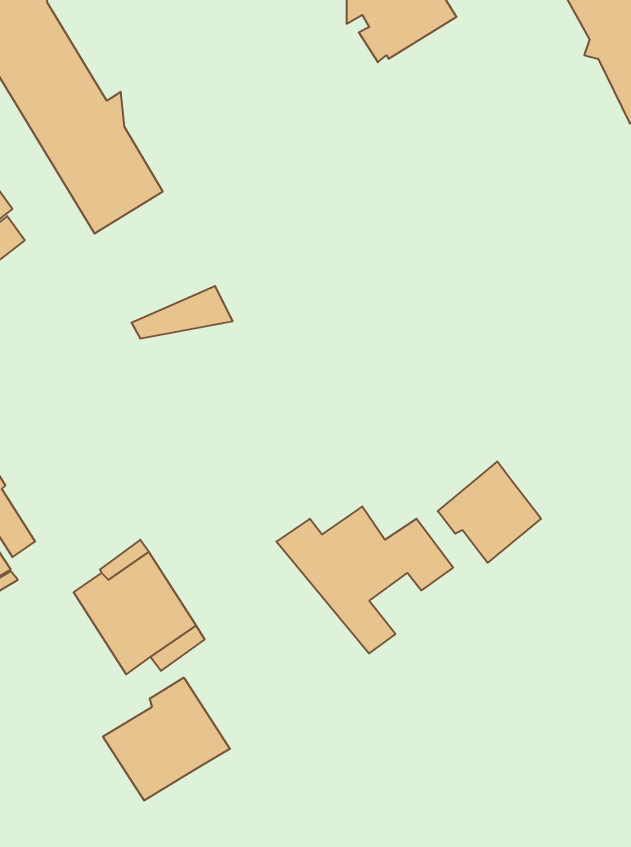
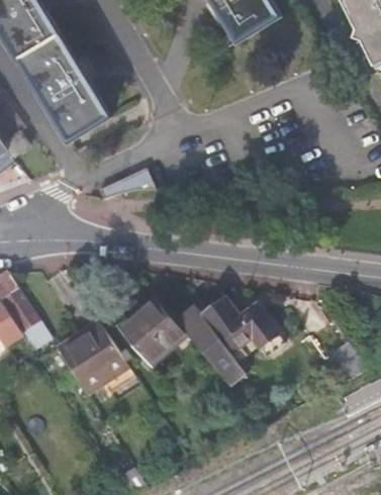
building: [438,461,541,563] -> none
building: none -> [117,292,182,362]
building: [103,678,230,801] -> none

